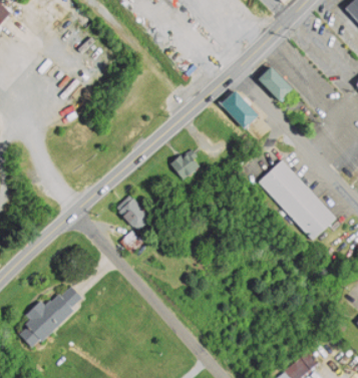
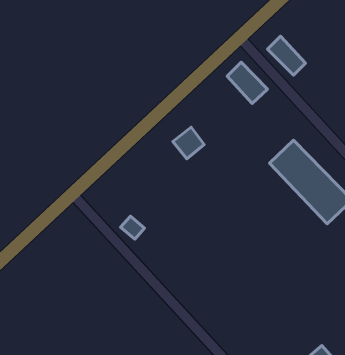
building: [118,195,148,227] -> none
building: [16,285,81,349] -> none

